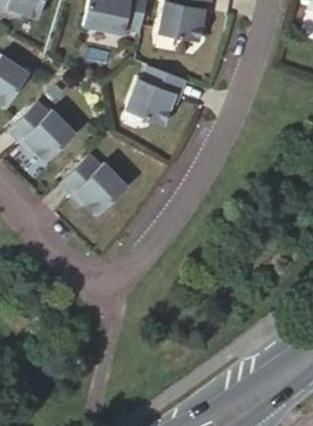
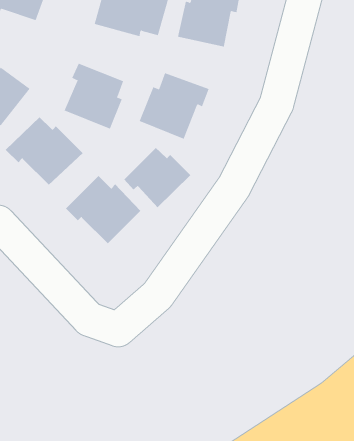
building: none -> [64,63,124,130]
building: none -> [123,147,191,208]

